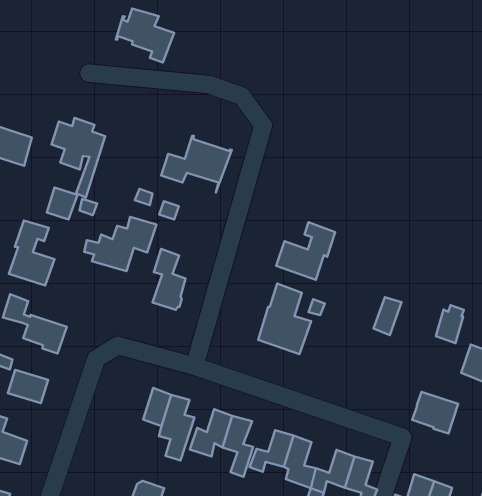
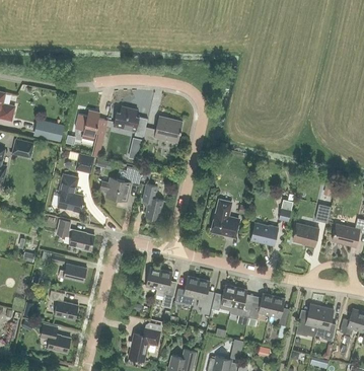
building: [116,9,174,63] -> [113,106,147,137]
building: [276,222,335,280] -> none
building: none -> [250,222,278,245]
building: [412,392,458,434] -> [292,223,318,246]

